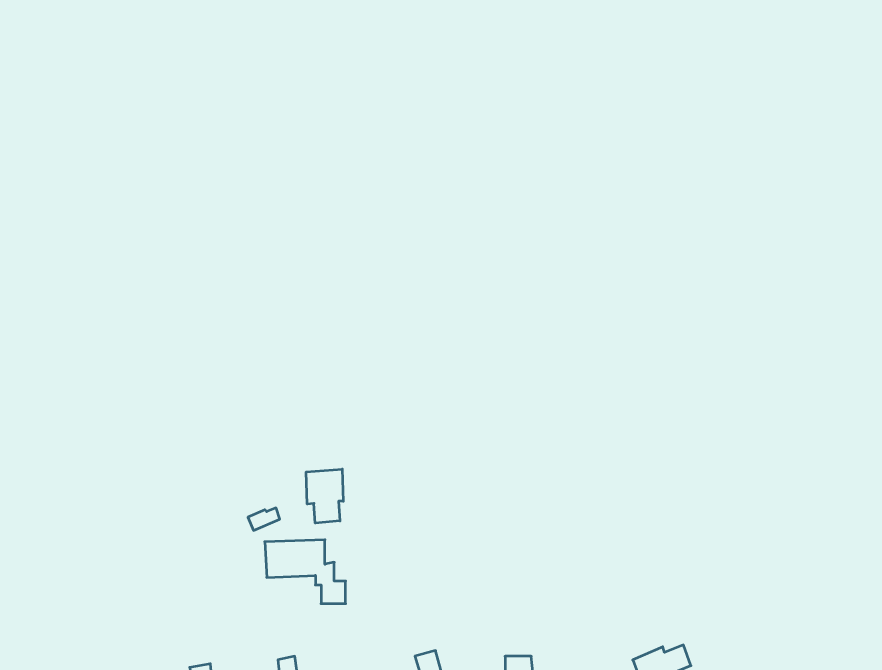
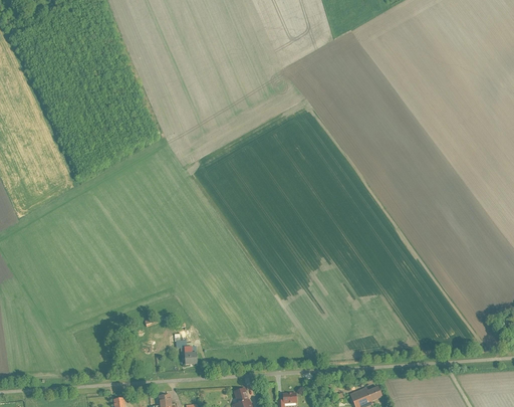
building: [306,469,343,523] -> none

